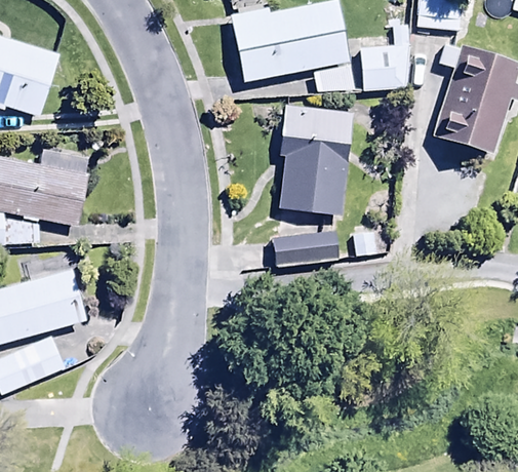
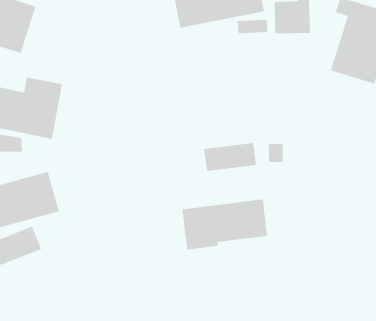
building: [278,105,353,214] -> none
building: none -> [182,198,268,250]

